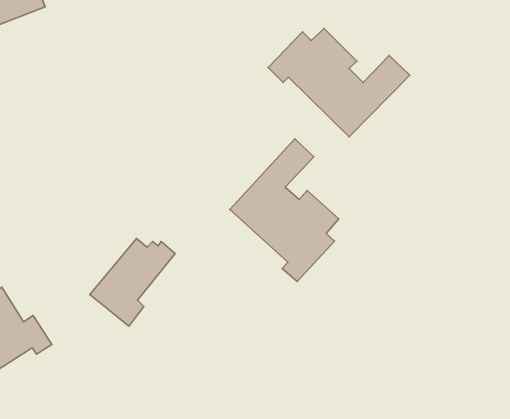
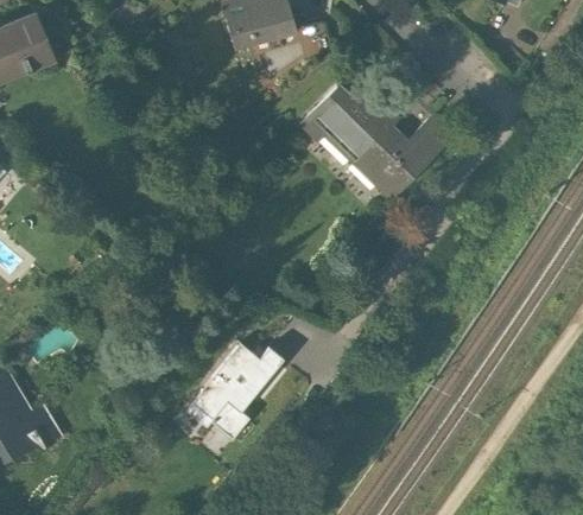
building: [230,139,339,282] -> none
building: [90,238,175,326] -> [177,348,271,444]

